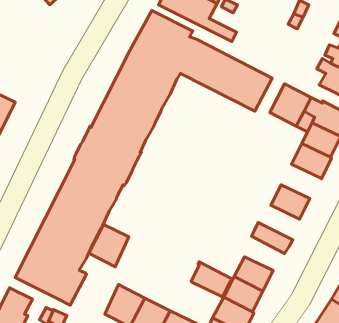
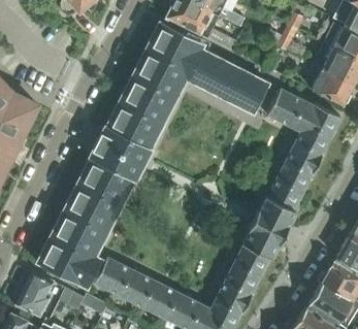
building: none -> [278,160,313,191]
building: none -> [257,196,295,228]
building: [89,224,129,267] -> [95,257,131,295]
building: [191,262,233,297] -> [243,225,281,257]

